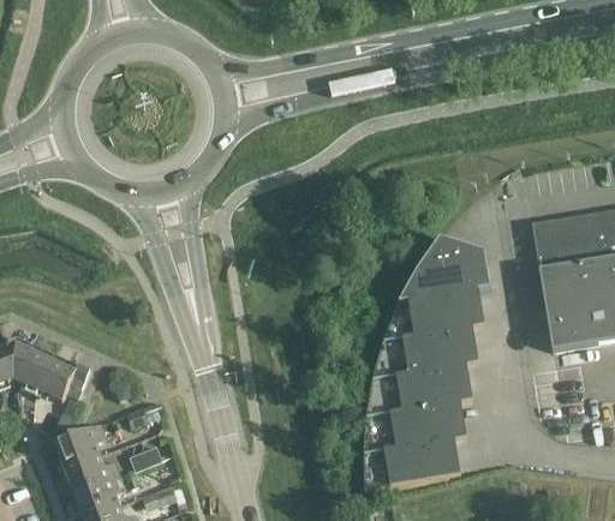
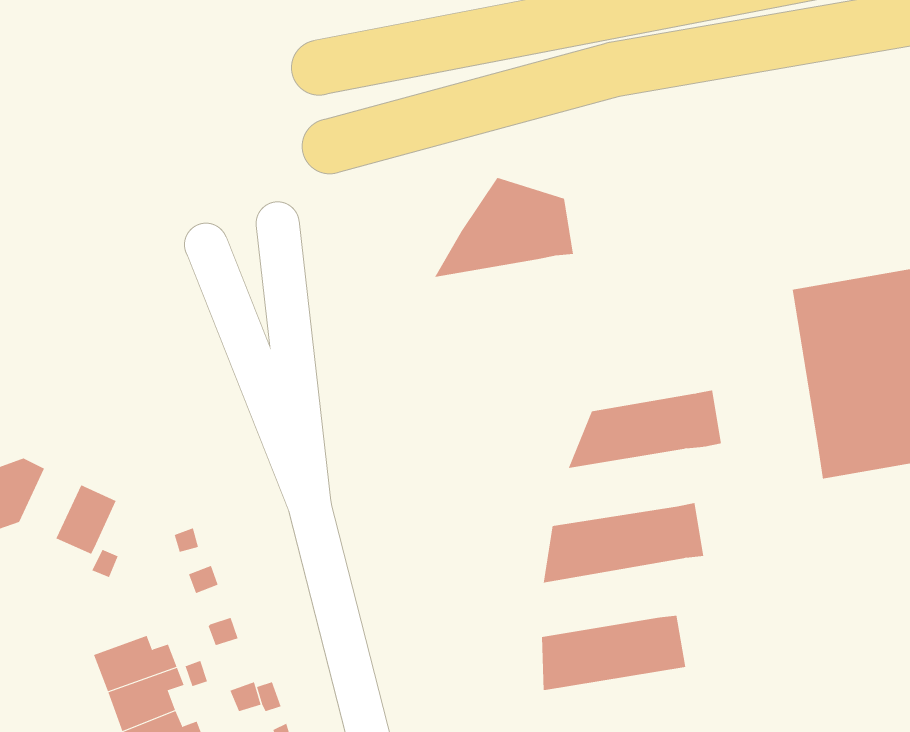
building: [398,238,491,305] -> [434,177,574,277]
building: [371,329,479,382] -> none
building: [14,343,55,390] -> none
building: [364,403,467,456] -> none
building: [54,424,106,468] -> none

